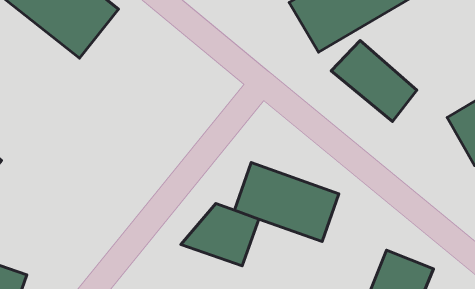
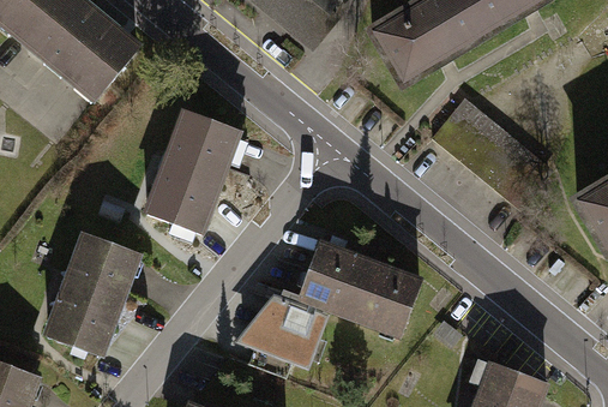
building: none -> [143,108,243,228]
building: none -> [40,232,148,364]

